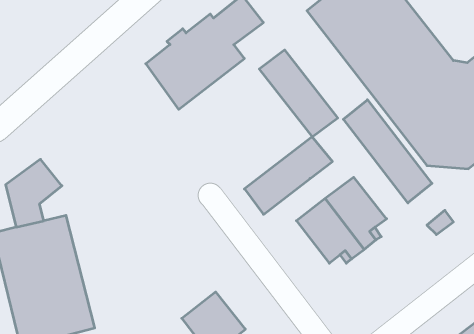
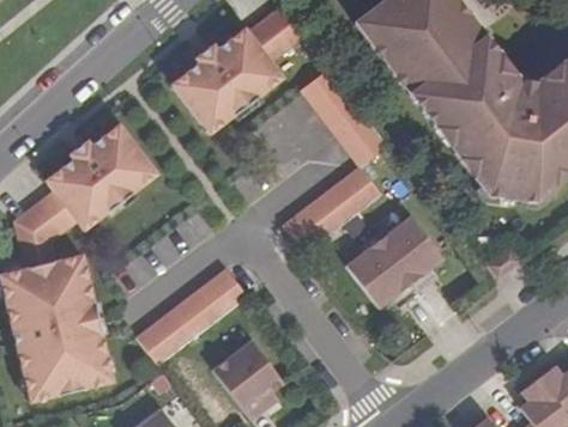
building: [343,100,432,203] -> none
building: none -> [44,123,157,230]
building: none -> [135,267,247,365]

